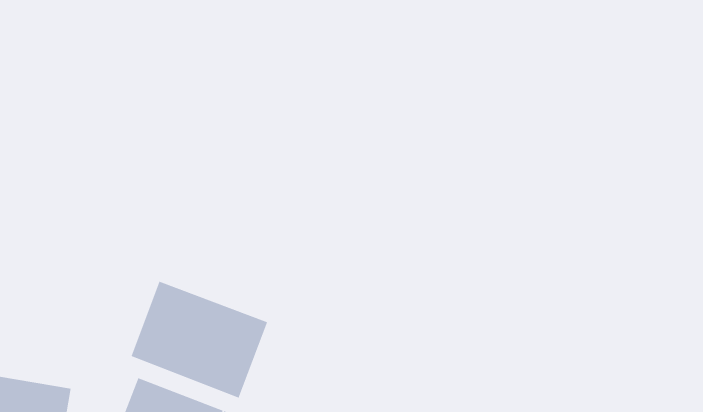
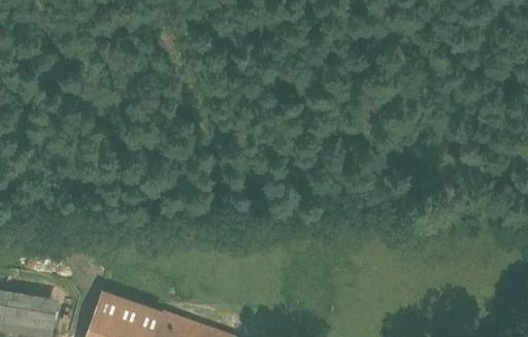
building: [131,281,268,398] -> none

